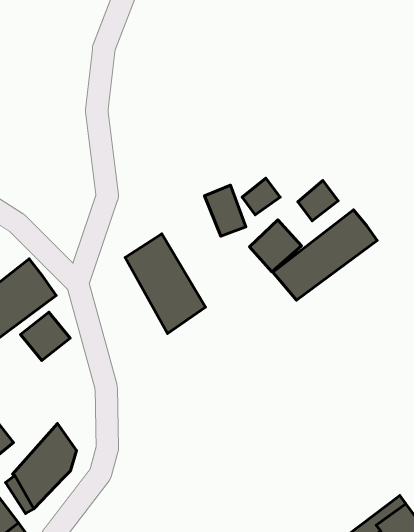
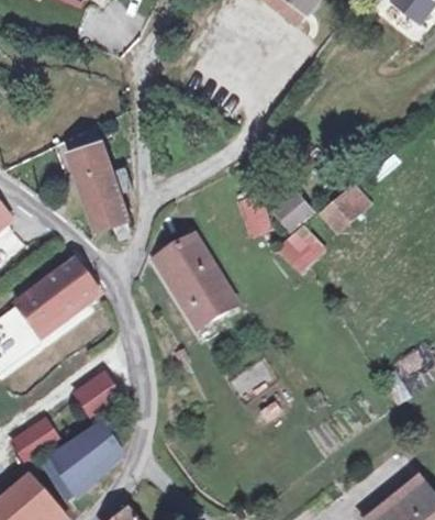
building: none -> [72,140,137,215]
building: [273,210,377,300] -> none
building: [21,312,70,361] -> [70,363,116,408]

